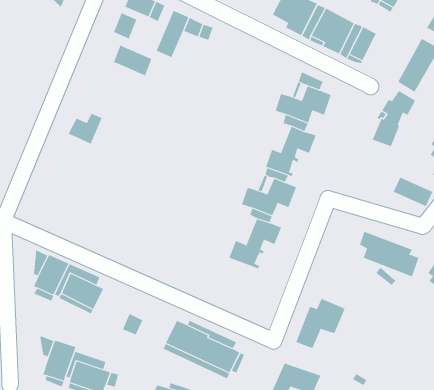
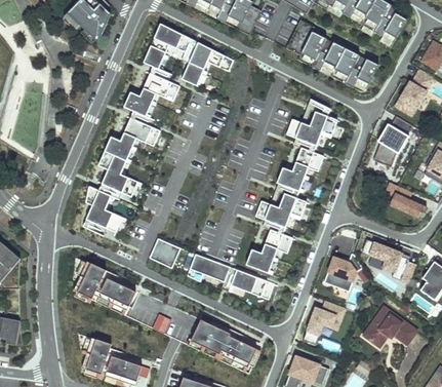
building: none -> [123,90,154,118]
building: none -> [124,119,159,147]
building: none -> [101,158,126,195]
building: none -> [86,193,111,230]
building: none -> [149,238,179,268]
building: none -> [324,254,362,293]
building: none -> [189,256,229,283]
building: none -> [232,272,273,300]
building: none -> [364,305,417,345]

